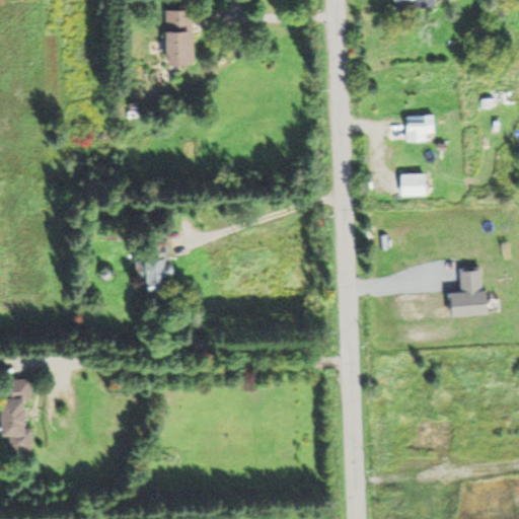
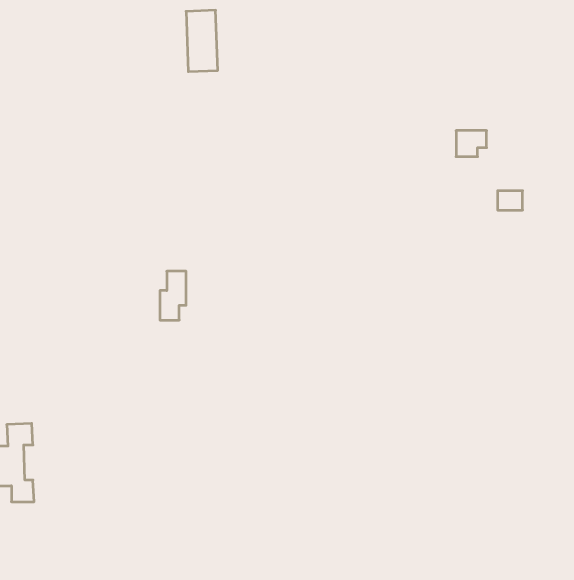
building: [401,177,424,195] -> [498,191,523,210]
building: [452,271,486,316] -> none

